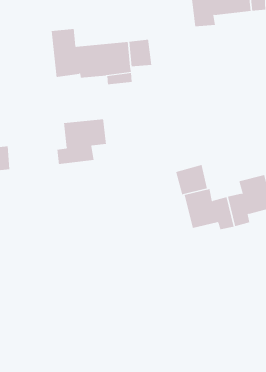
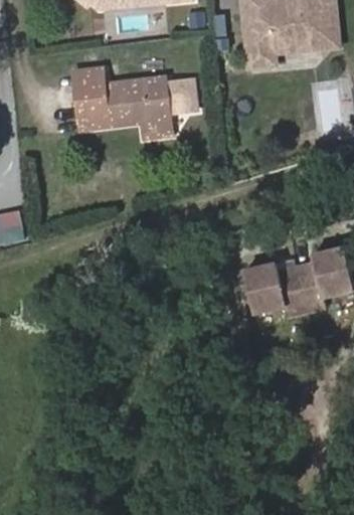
building: [57,119,106,165] -> none
building: [175,164,208,195] -> none

